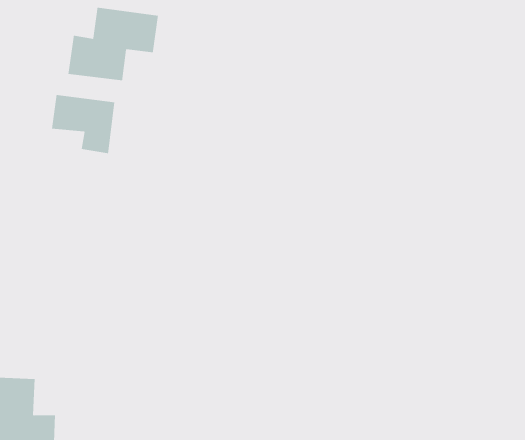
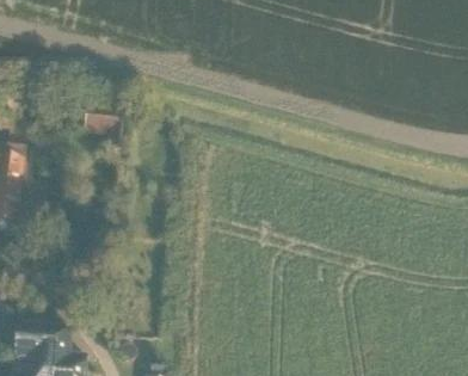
building: [68,7,159,81] -> none

